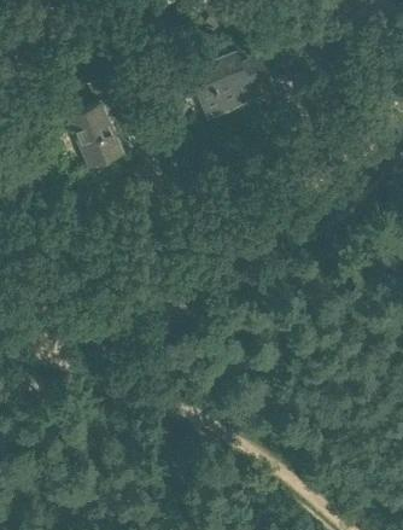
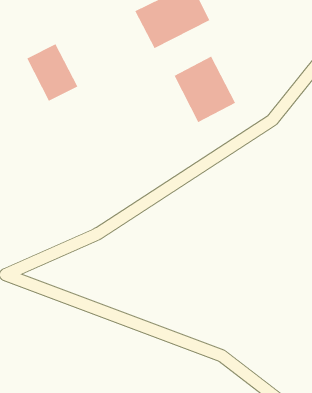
building: none -> [173,56,236,123]

